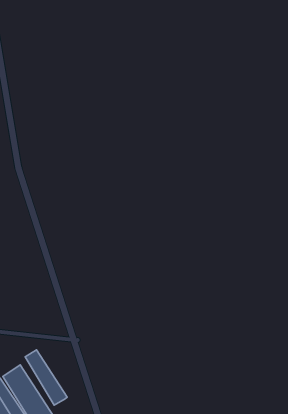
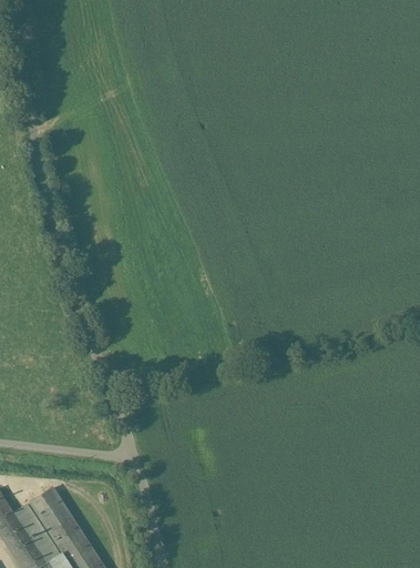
building: [25,350,67,405] -> none

